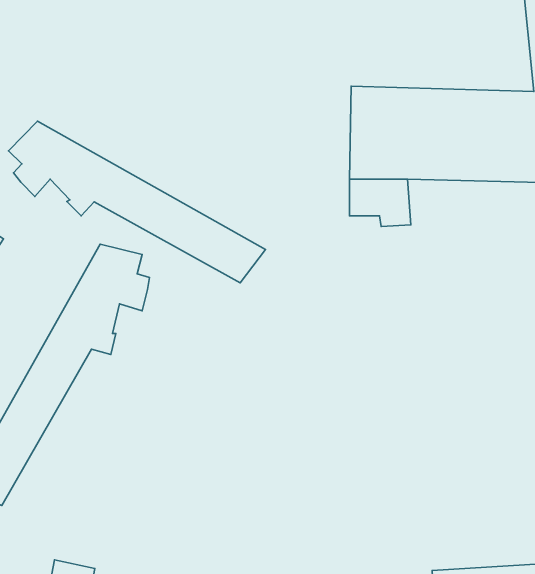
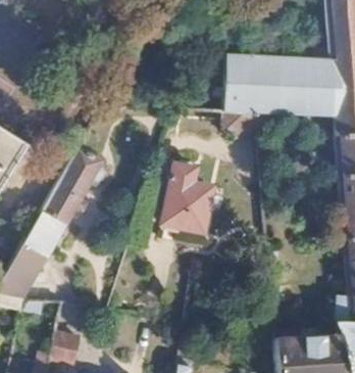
building: [8,121,266,283] -> none
building: none -> [161,167,211,232]

